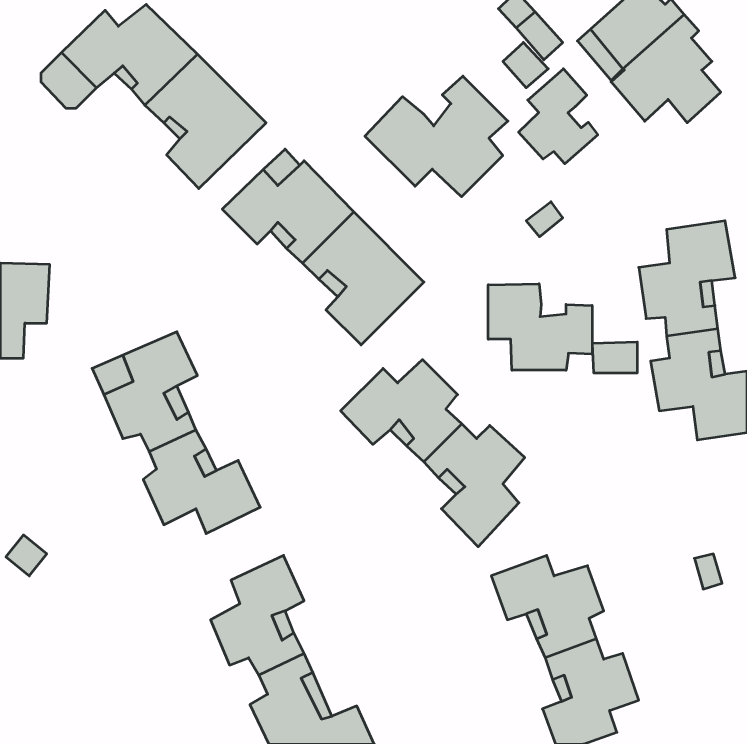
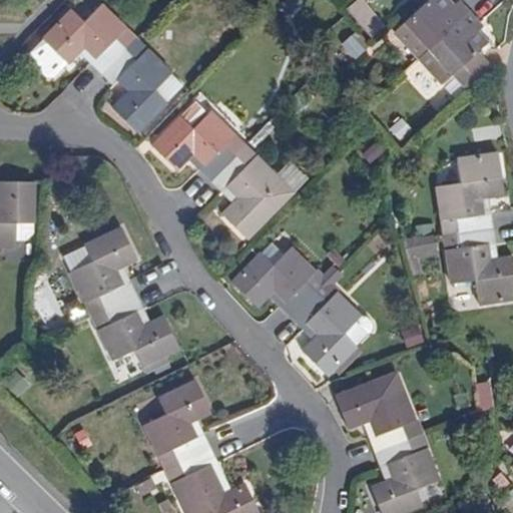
building: [519,69,598,164] -> none
building: [365,76,508,197] -> none
building: [488,284,592,370] -> none

